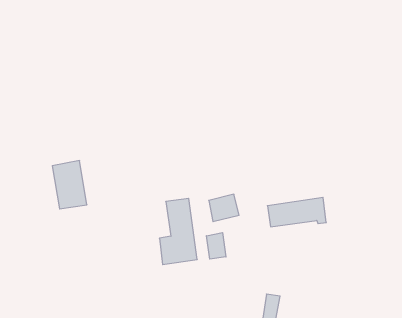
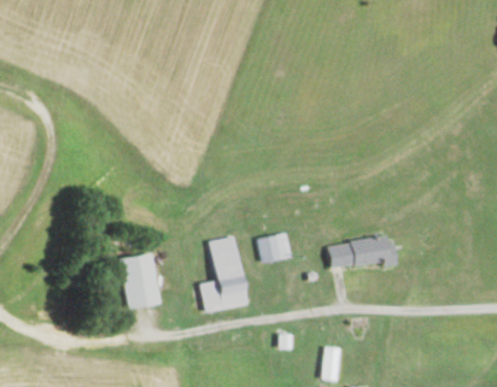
building: [52,161,87,209] -> [118,252,158,307]
building: [206,233,226,259] -> none

